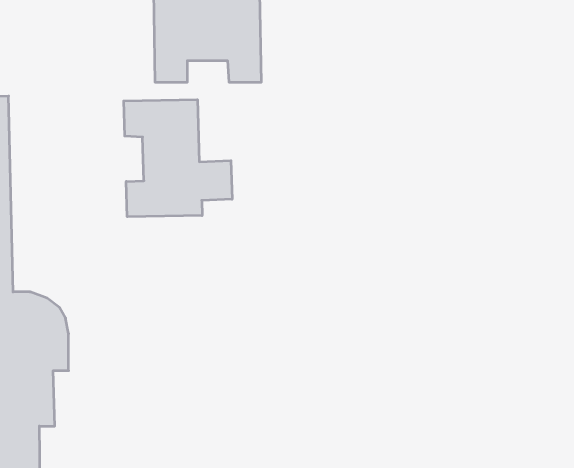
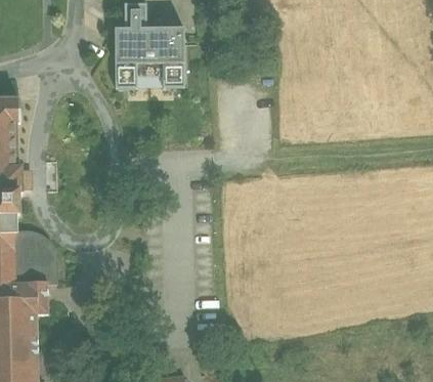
building: [124,100,232,217] -> none

